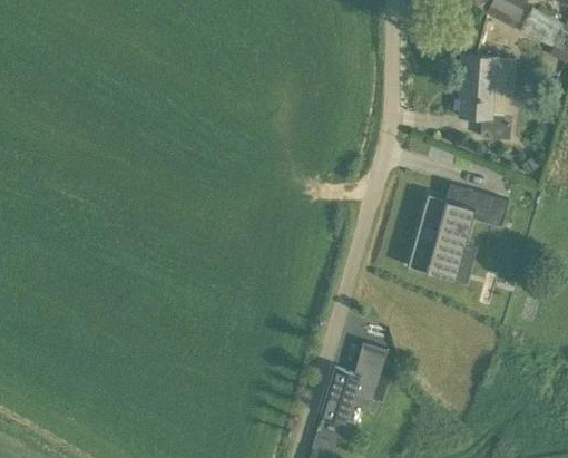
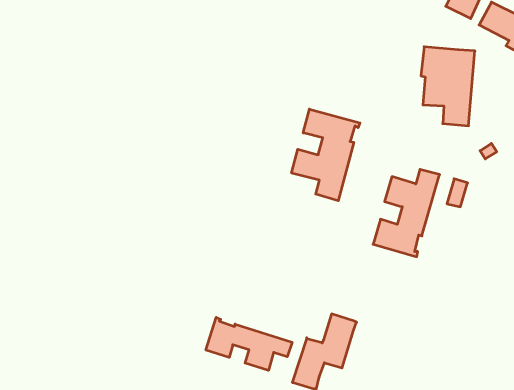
building: none -> [292,109,360,201]
building: none -> [206,317,292,370]

